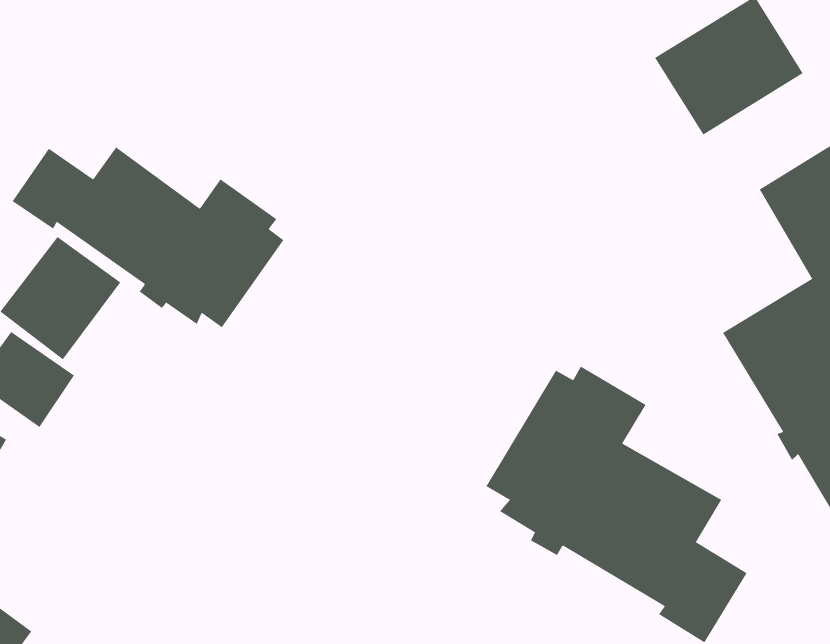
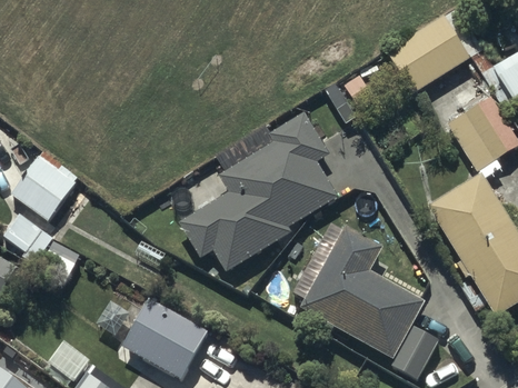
building: [12,146,284,328] -> none
building: none -> [177,112,336,273]
building: none -> [120,295,209,379]

